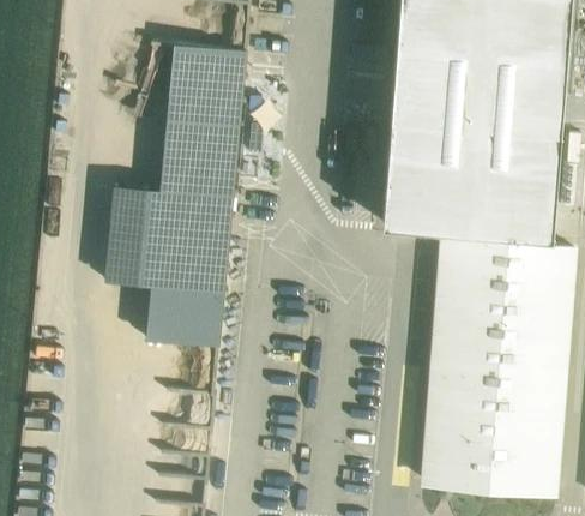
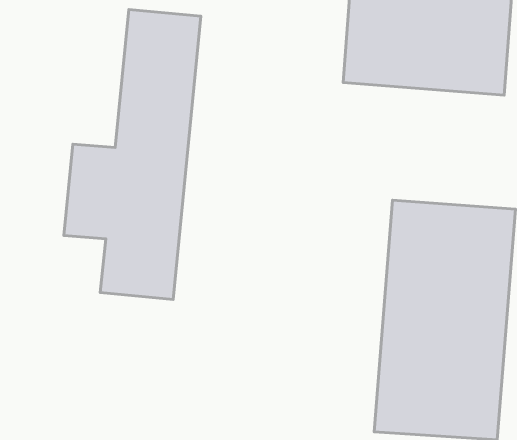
building: [385,120,563,242] -> none

